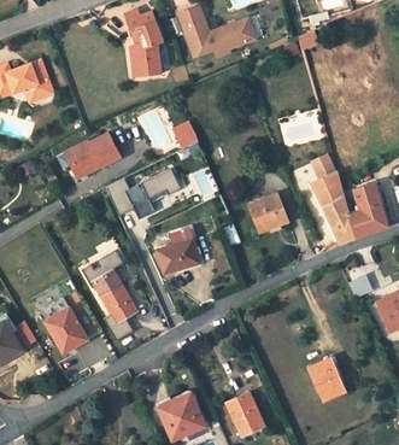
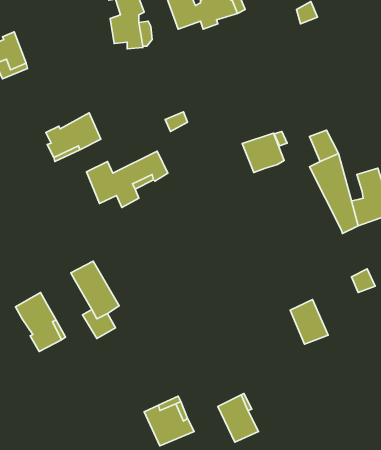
building: [248,195,287,232] -> [242,133,284,172]
building: [157,228,199,273] -> none
building: [81,250,122,287] -> none
building: [310,359,345,400] -> [290,300,328,344]

